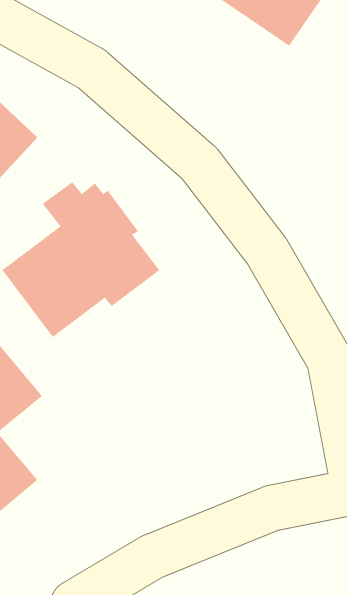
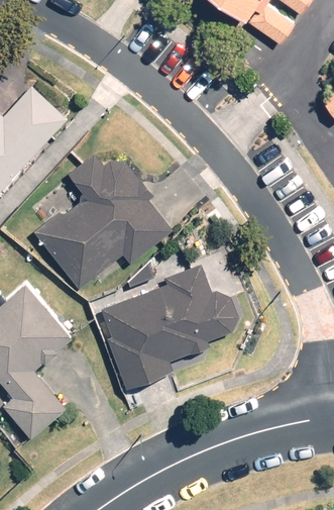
building: none -> [101,266,237,391]

